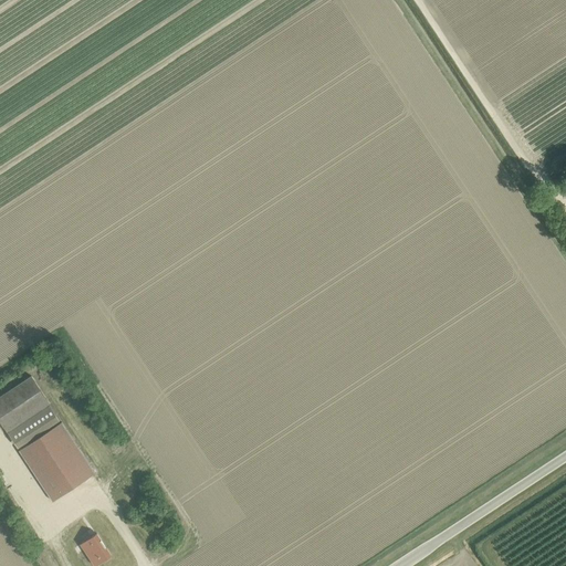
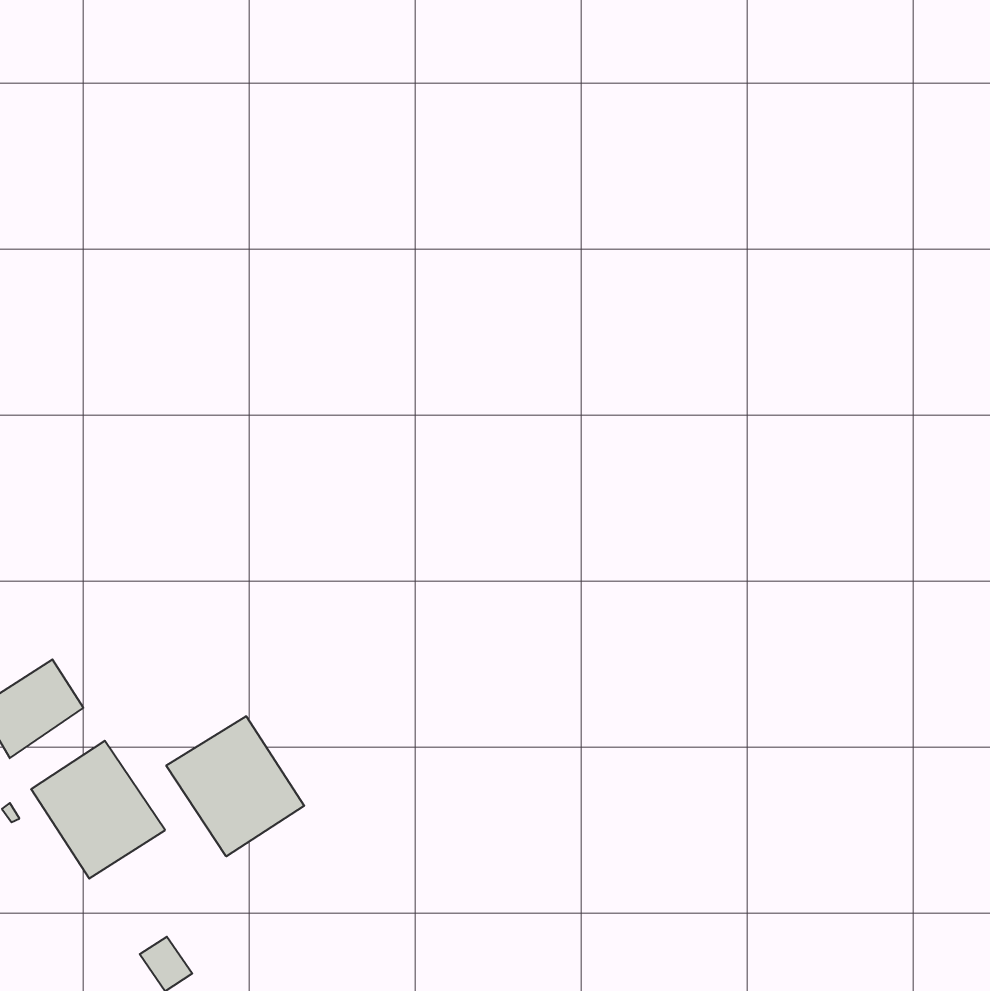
building: [6,403,59,448] -> none
building: none -> [166,716,304,856]

